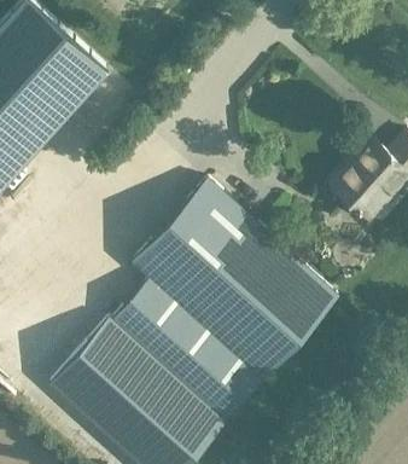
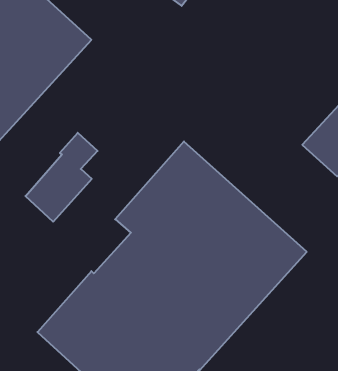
building: none -> [25,133,98,222]

